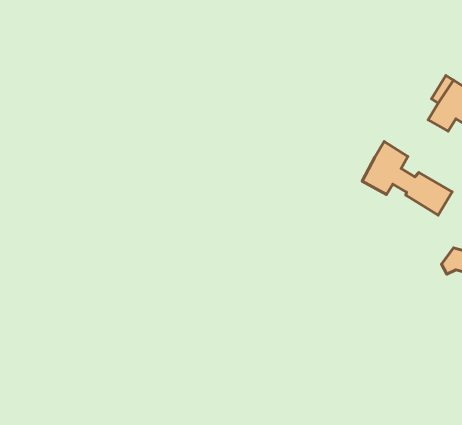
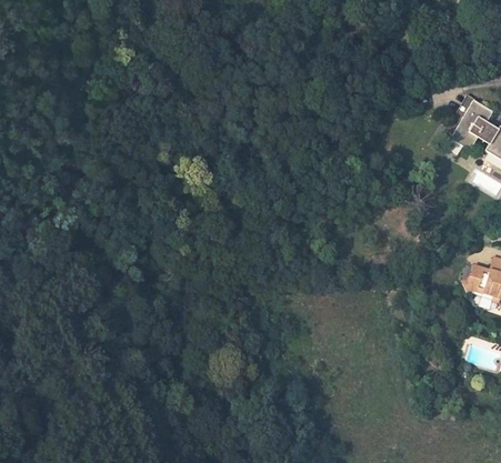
building: [362,141,452,215] -> none

